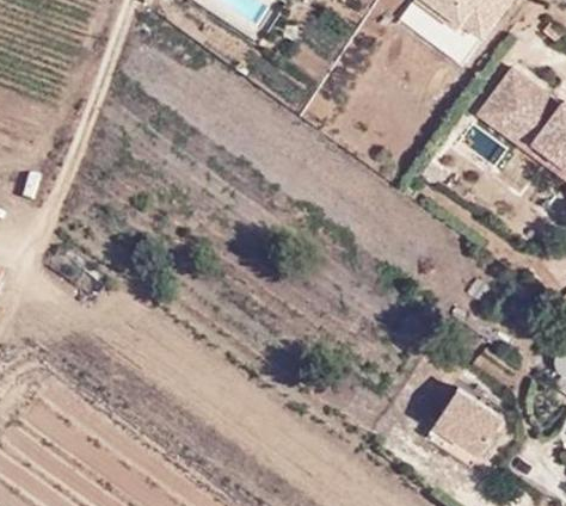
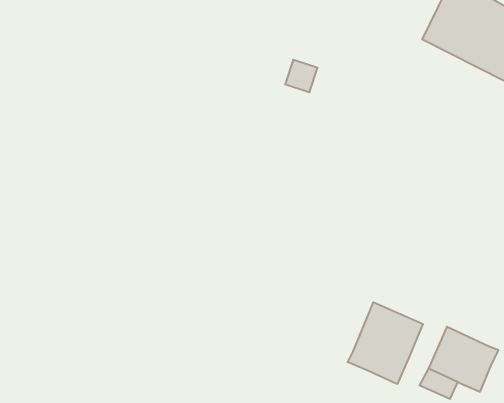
building: none -> [348,302,423,384]

